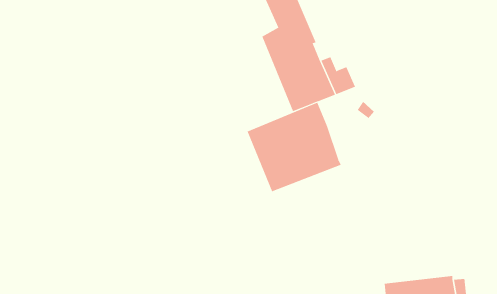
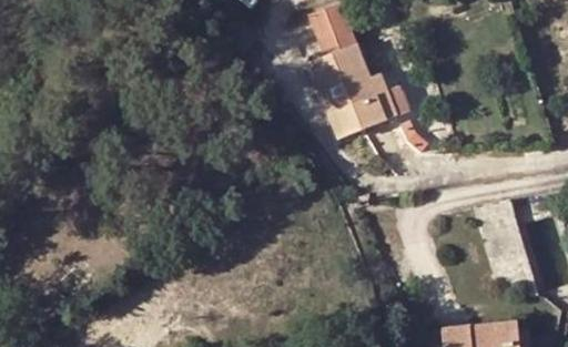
building: [247,102,341,192] -> none
building: none -> [477,191,535,276]

